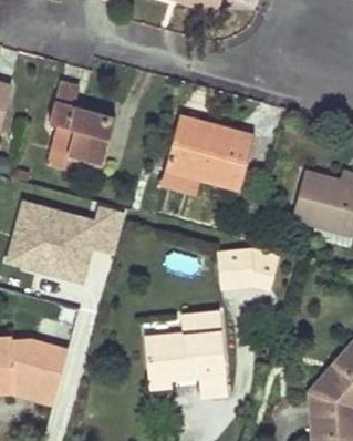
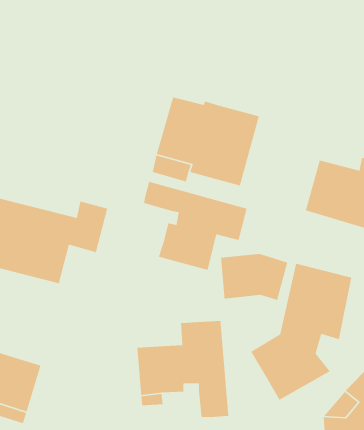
building: [49,80,114,161] -> none
building: none -> [143,181,248,271]
building: none -> [250,263,352,401]

